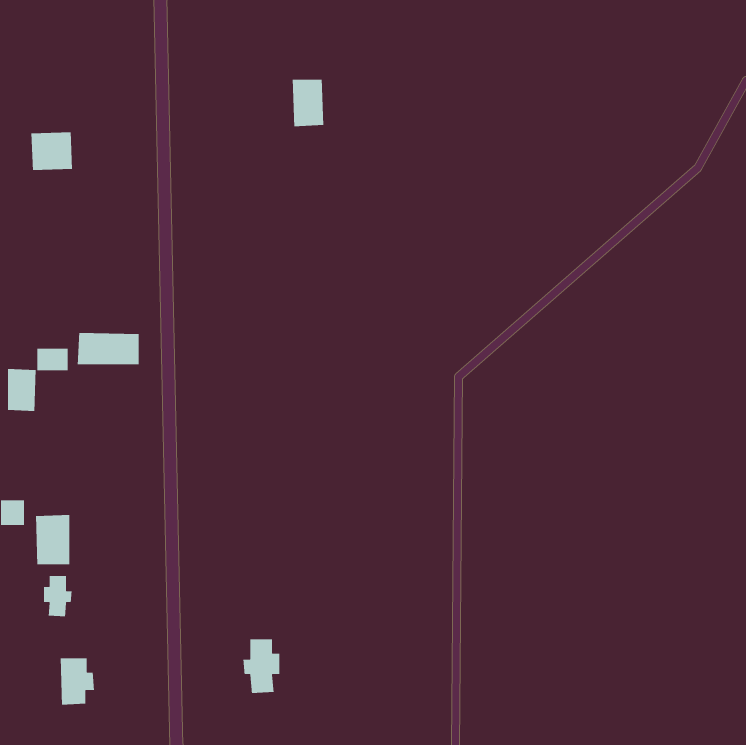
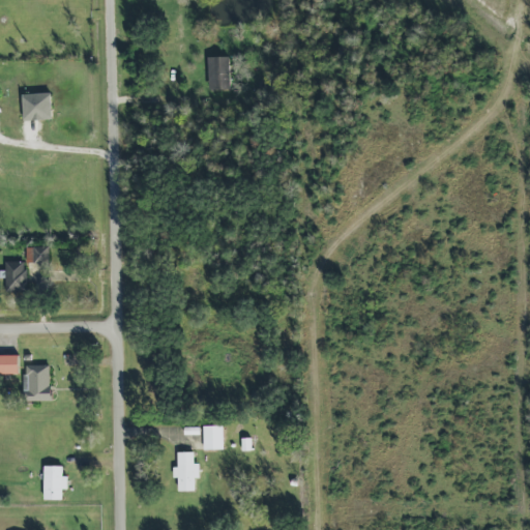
building: [77,332,139,365] -> none
building: [43,575,73,617] -> none
building: none -> [203,425,223,449]

